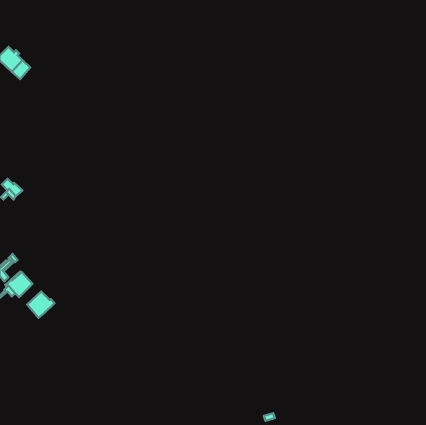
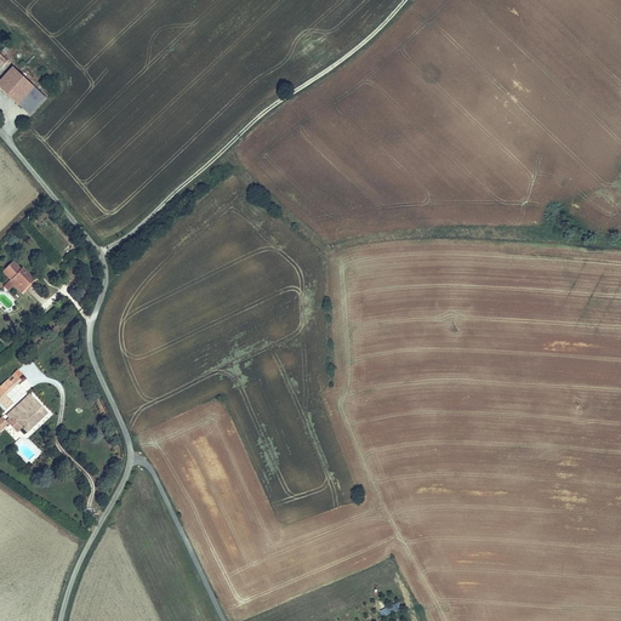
building: [27,292,55,318] -> none

